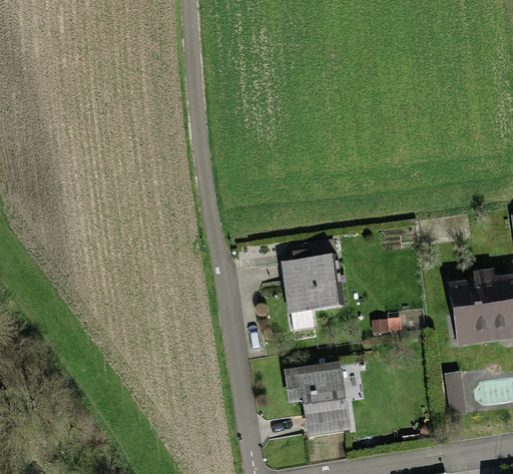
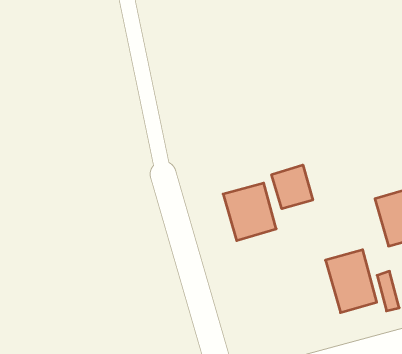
building: none -> [272,165,313,209]
building: [295,364,348,433] -> [325,250,377,313]

